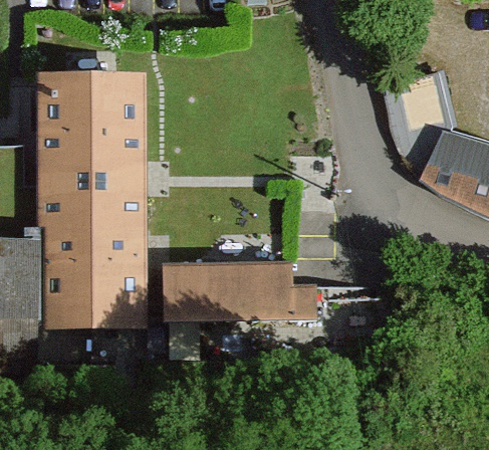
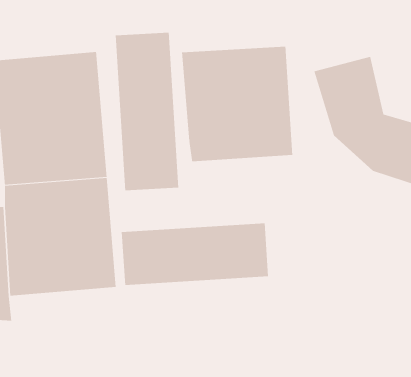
building: none -> [115,32,179,191]
building: none -> [181,46,293,162]

